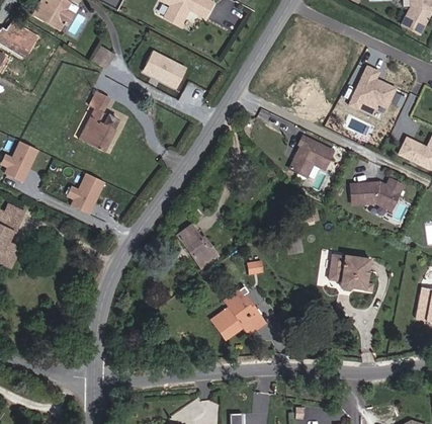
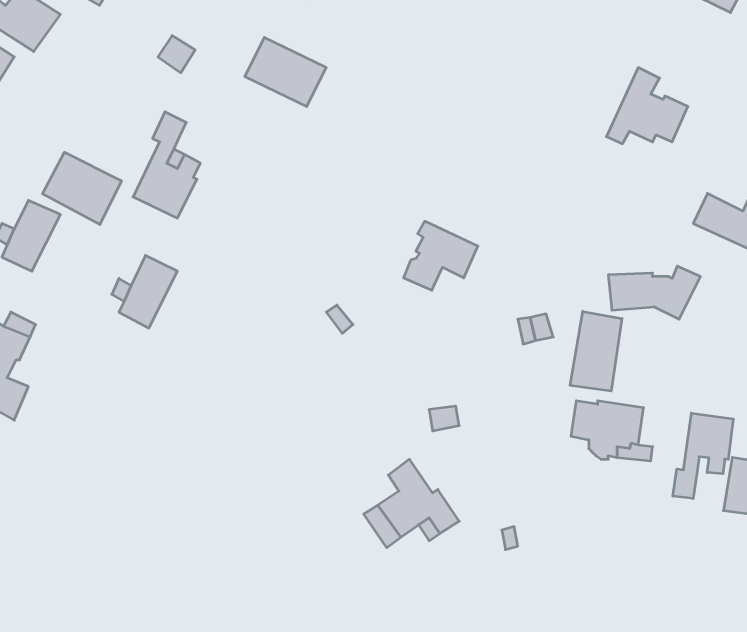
building: none -> [43,152,121,225]
building: [290,137,333,176] -> [404,221,478,290]
building: none -> [570,311,622,391]
building: [177,225,218,267] -> none
building: none -> [673,413,733,499]

